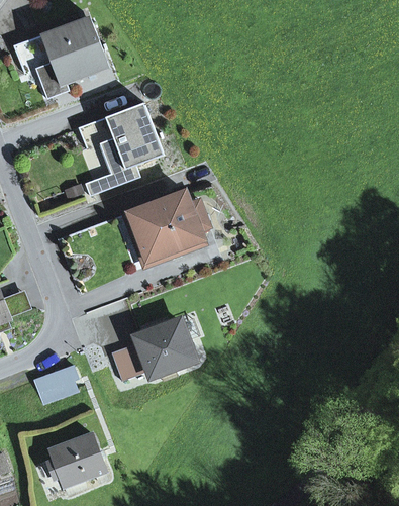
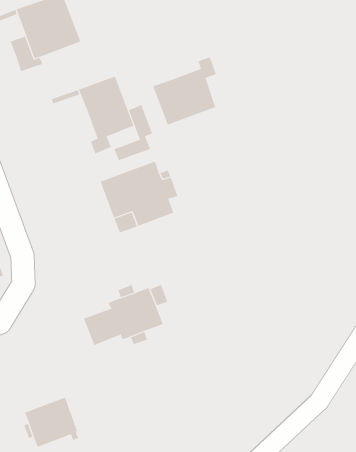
building: none -> [153,56,216,126]
building: [84,136,124,195] -> [114,104,153,161]
building: [33,366,77,402] -> none

